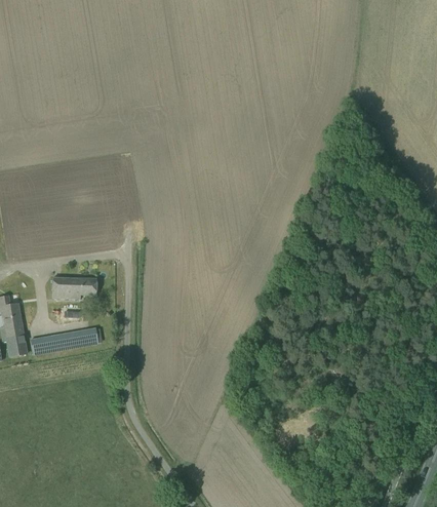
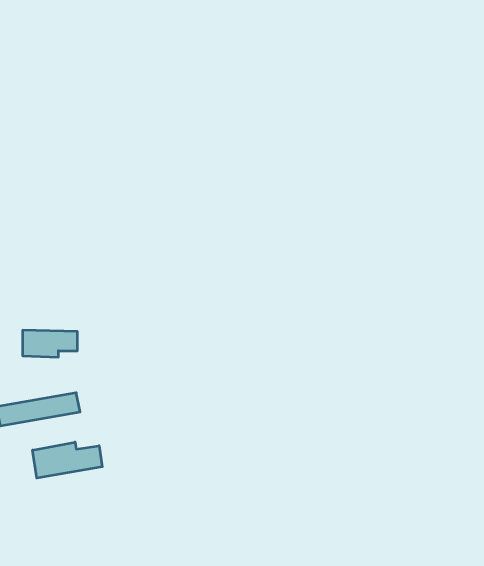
building: none -> [33,442,102,478]

